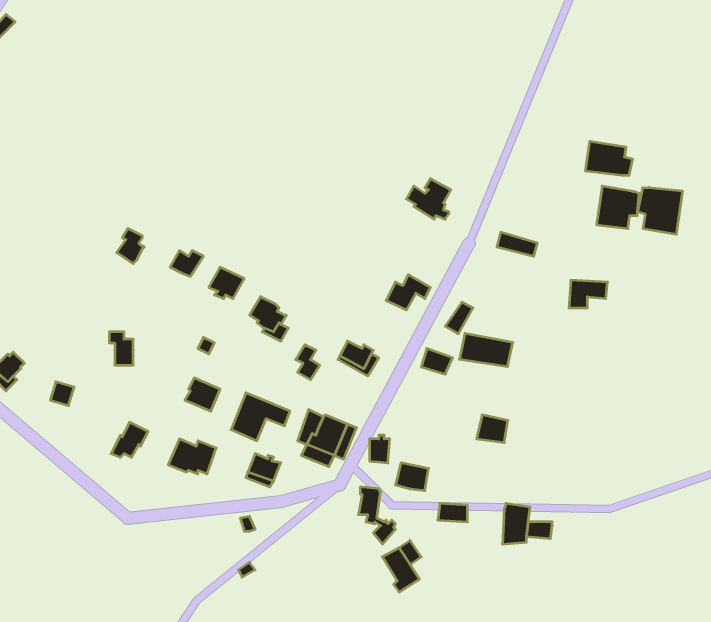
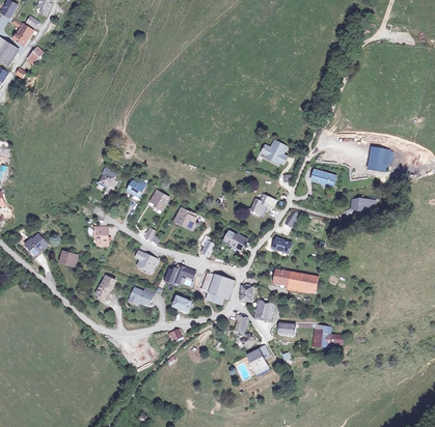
building: [586,141,633,176] -> none
building: [638,187,682,234] -> none
building: [459,333,513,367] -> [274,268,304,287]

